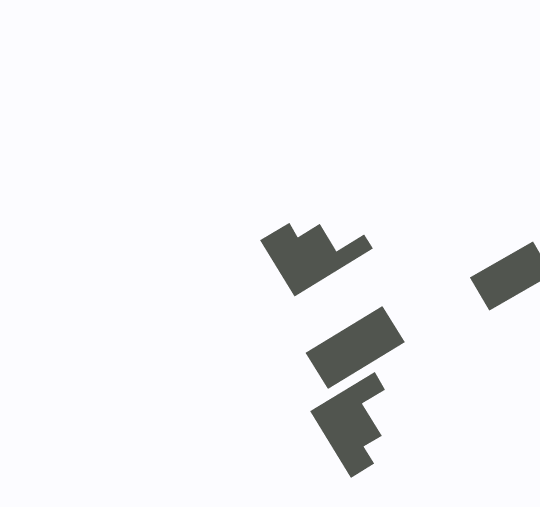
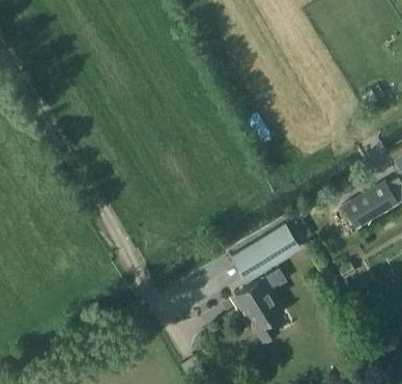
building: [259,222,374,298] -> none

